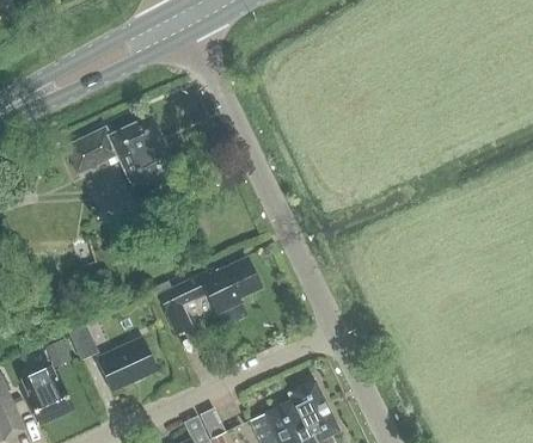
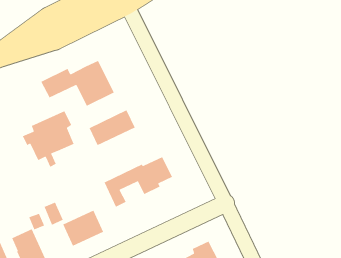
building: none -> [88,109,136,146]
building: none -> [22,110,75,168]

